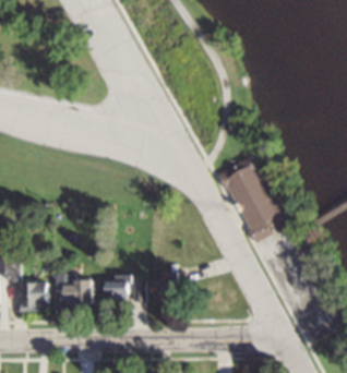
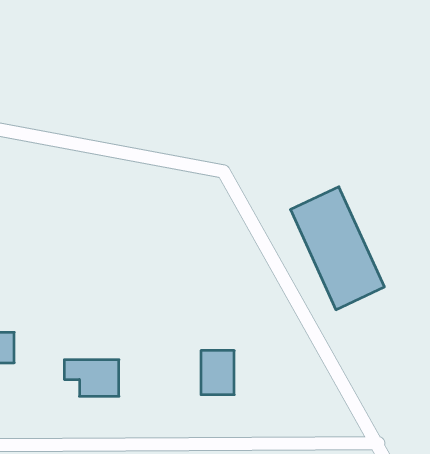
building: [104,276,143,303] -> none
building: [17,285,49,312] -> none

